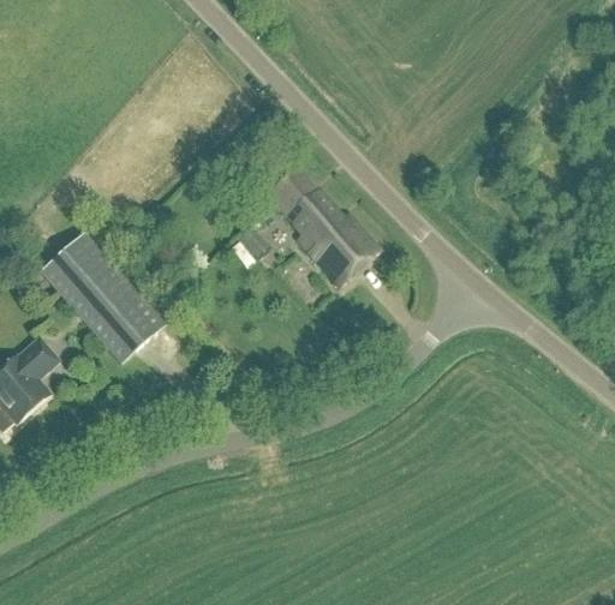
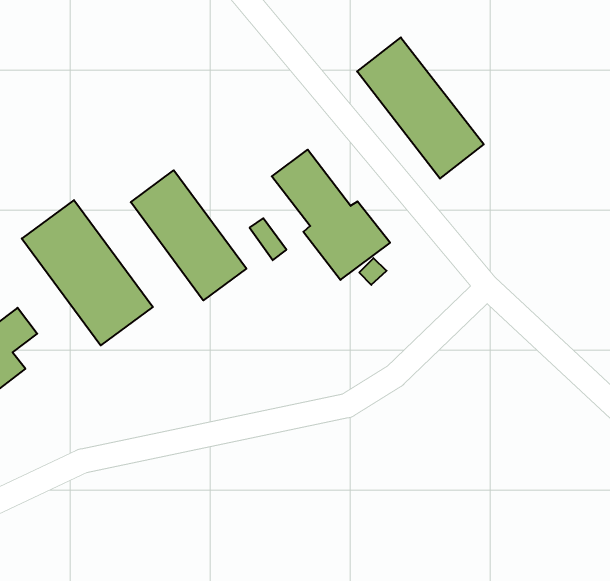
building: none -> [357,37,484,179]
building: none -> [131,170,246,300]

